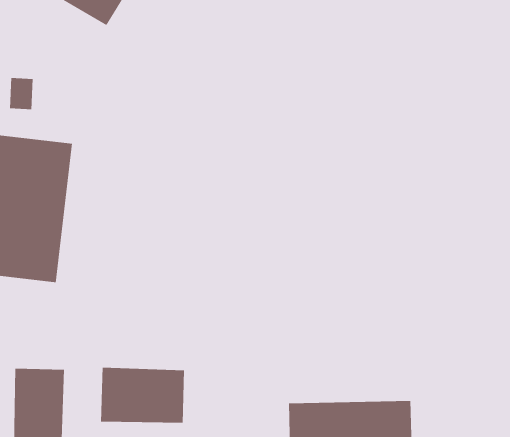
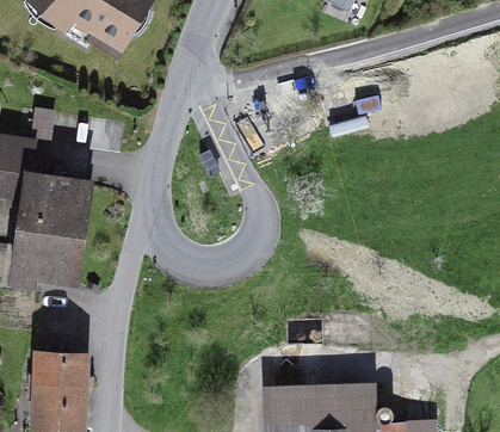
building: [101,367,185,424] -> none

